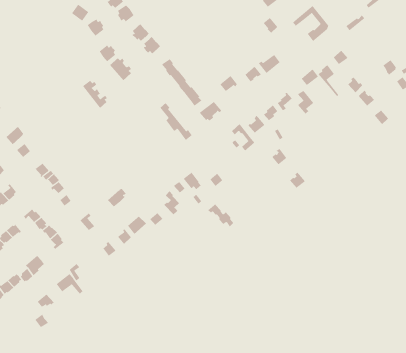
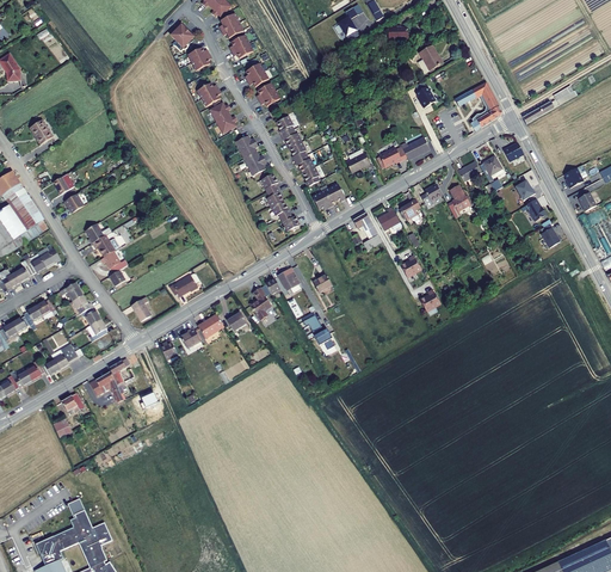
building: [82,80,108,109] -> [236,135,267,174]

